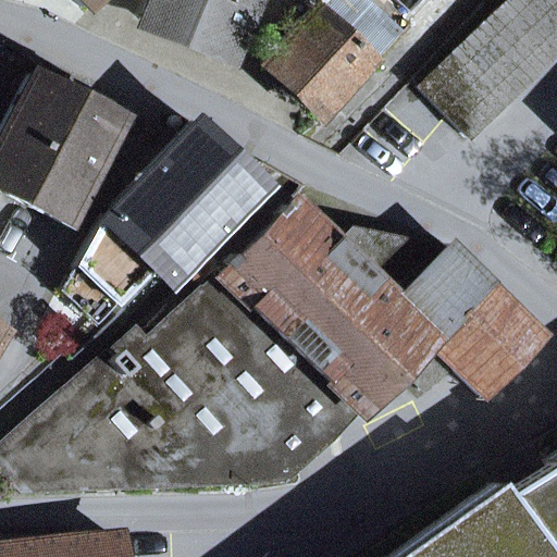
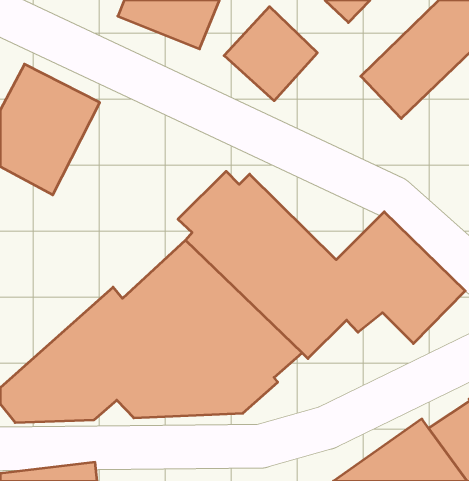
building: [57,123,270,346] -> none

